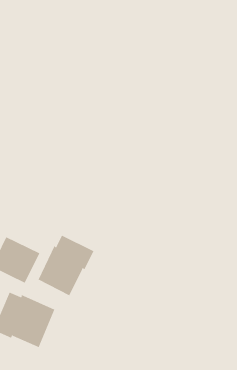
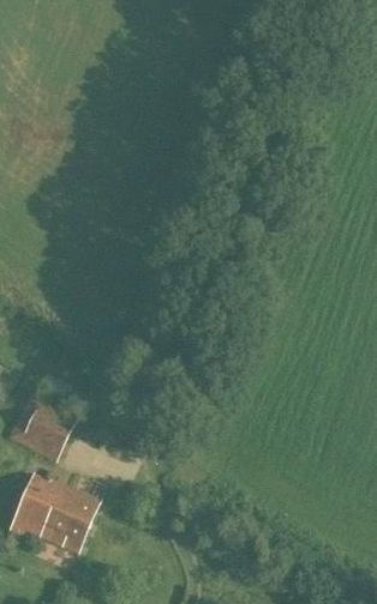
building: [38,235,94,296] -> none

